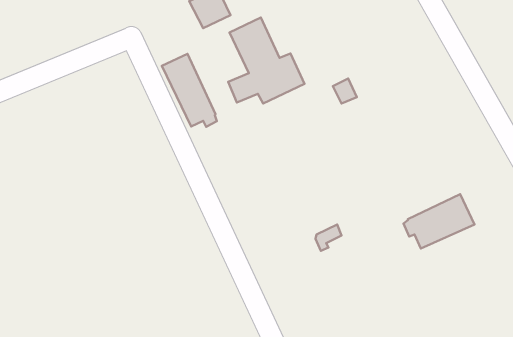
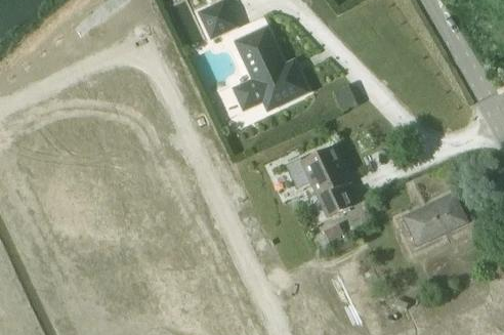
building: [162,54,217,127] -> none
building: none -> [301,144,351,215]

